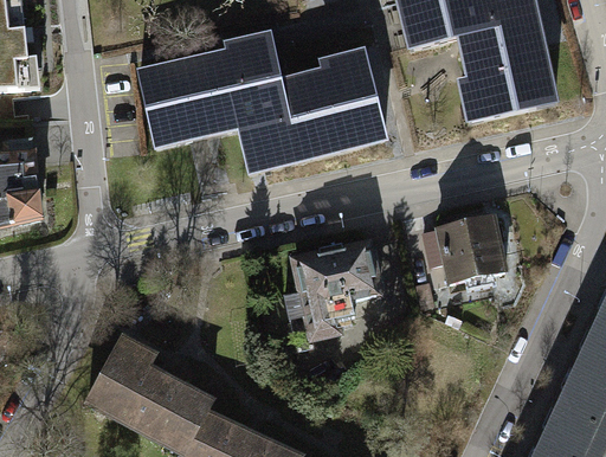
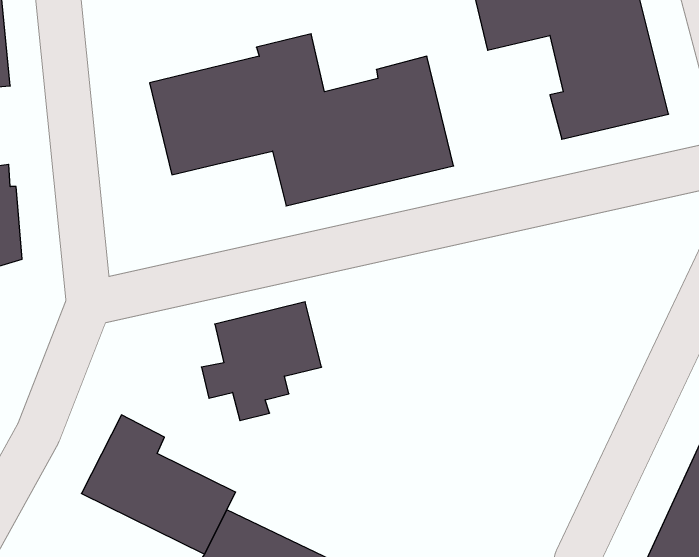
building: [423,217,504,281] -> none
building: [284,242,380,336] -> [201,302,322,421]

